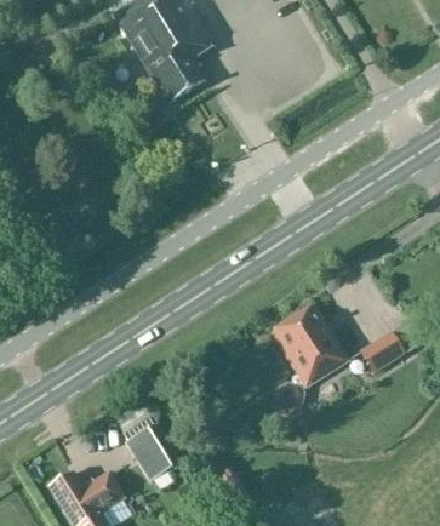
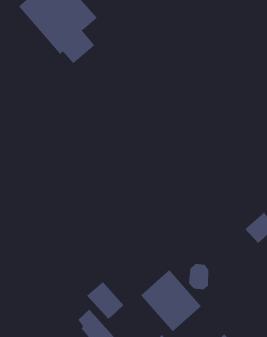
building: [272,303,349,385] -> [140,269,202,332]
building: none -> [86,281,124,320]

